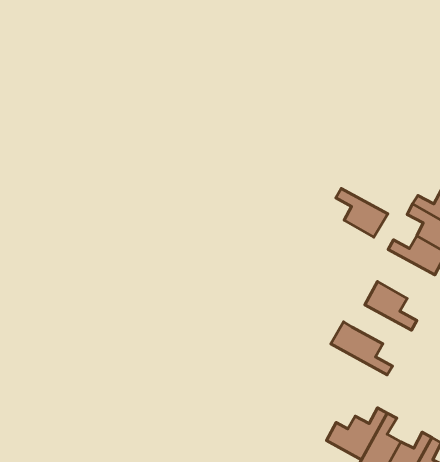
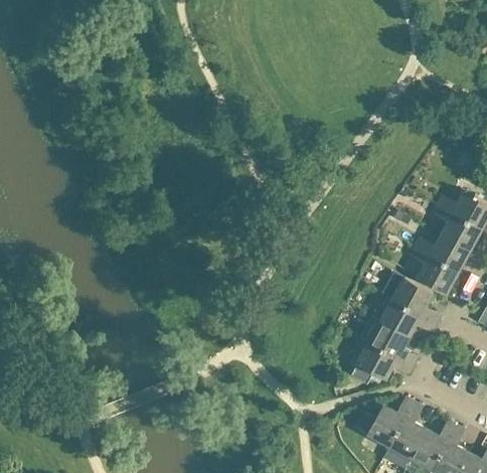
building: [336,188,388,237] -> [410,247,459,293]
building: none -> [380,299,437,336]
building: none -> [350,341,414,384]

